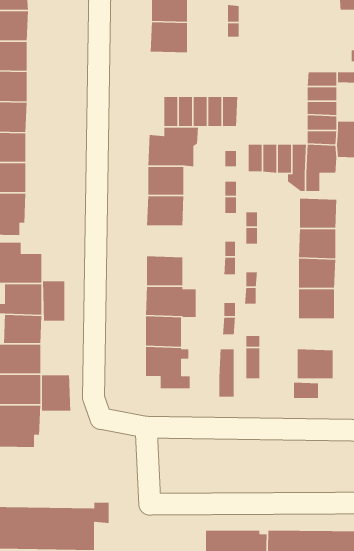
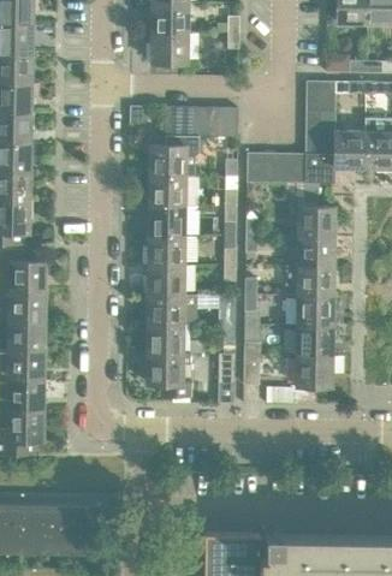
building: none -> [148,234,184,265]
building: [42,280,65,322] -> none
building: none -> [296,326,333,356]
building: [41,374,71,412] -> none

